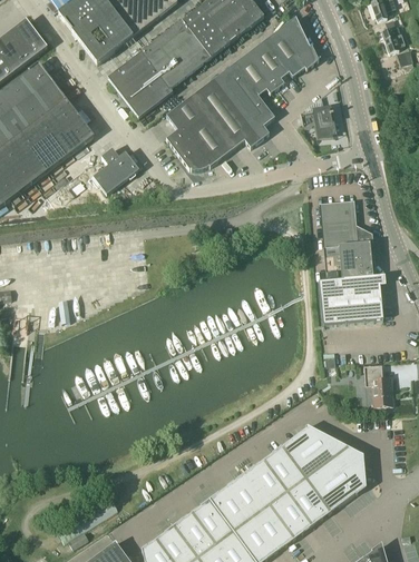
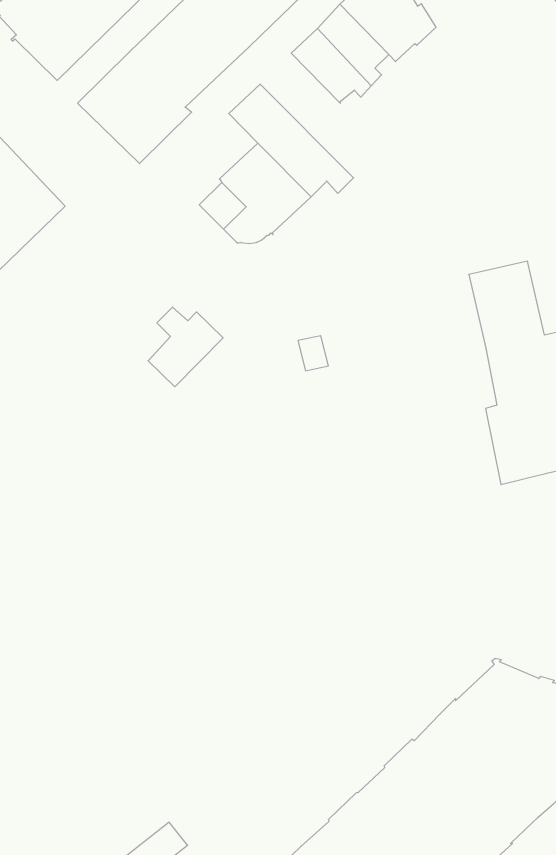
building: [213,63,274,139] -> none
building: [165,93,207,144] -> none
building: [300,105,335,134] -> none
building: [92,147,137,193] -> [148,307,223,387]

